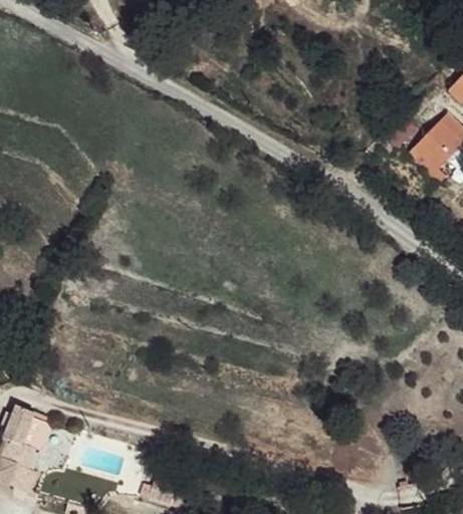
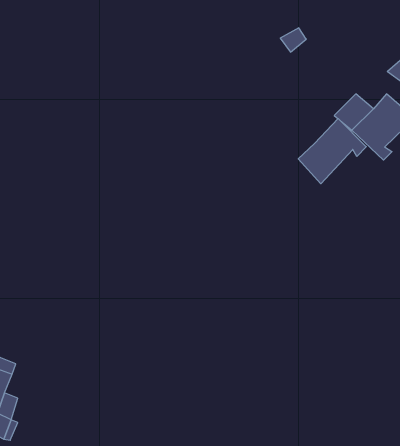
building: none -> [298,119,366,184]

